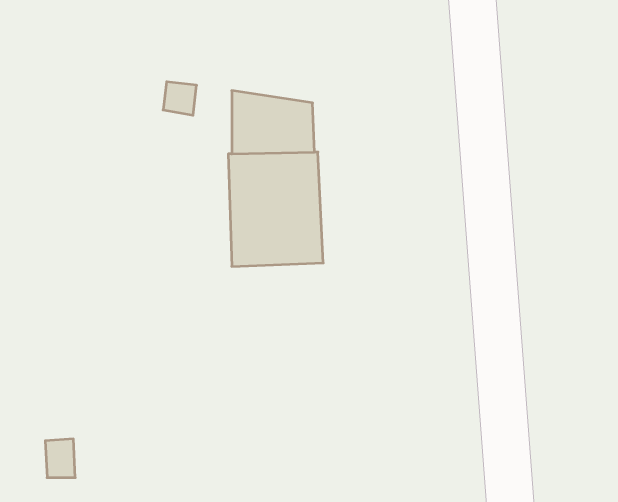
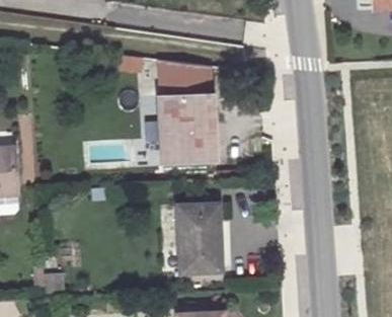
building: none -> [177,205,221,273]

